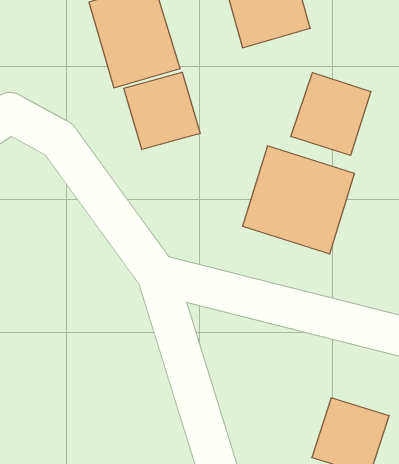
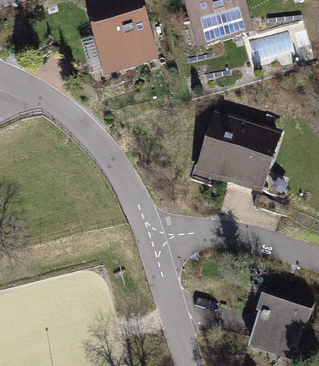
building: [124,72,200,150] -> none
building: [291,73,371,155] -> none

